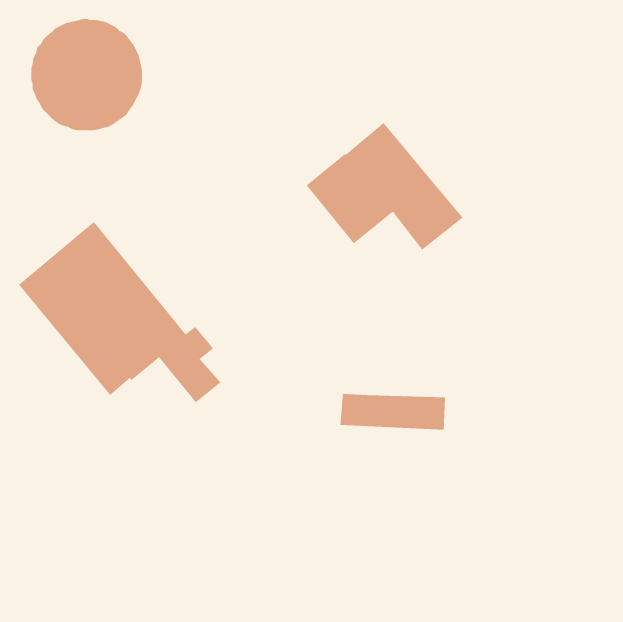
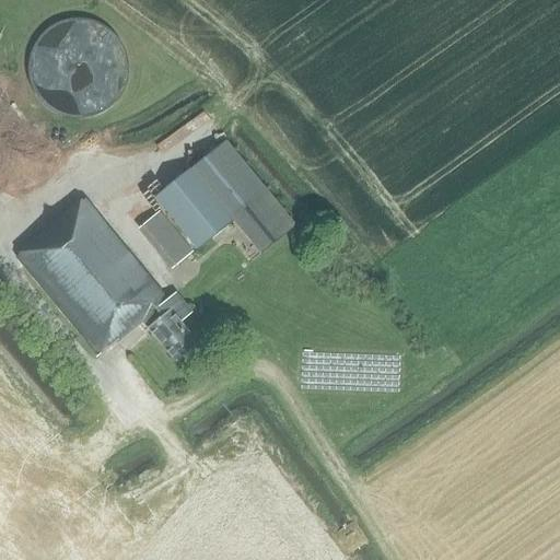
building: [306,122,463,250] -> [155,139,296,254]
building: none -> [139,210,192,269]

